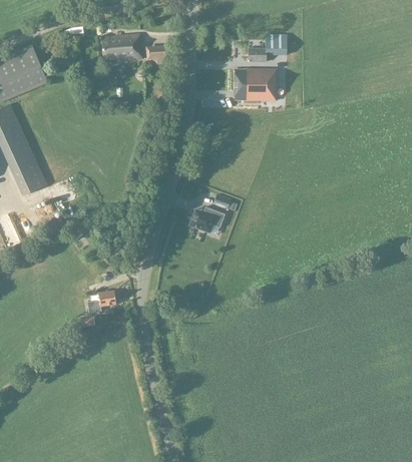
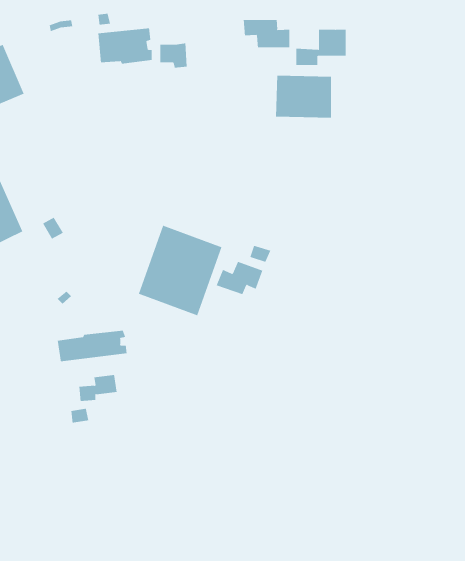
building: none -> [243,19,290,48]
building: none -> [138,225,222,316]
building: none -> [57,330,127,362]

